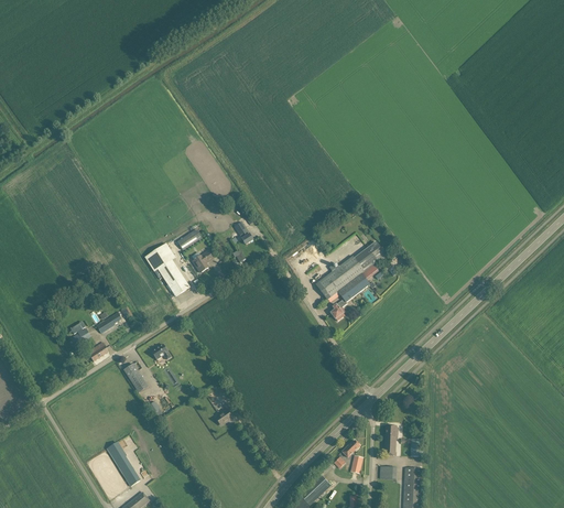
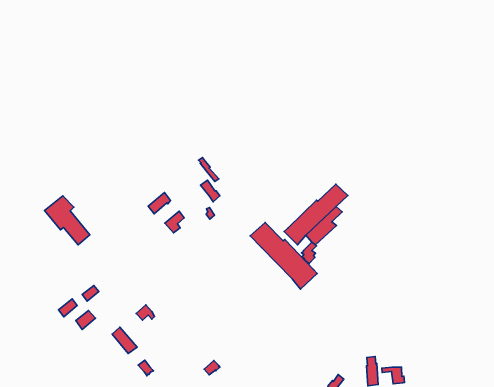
building: [144,242,188,295] -> [45,196,90,245]
building: none -> [250,222,317,289]

